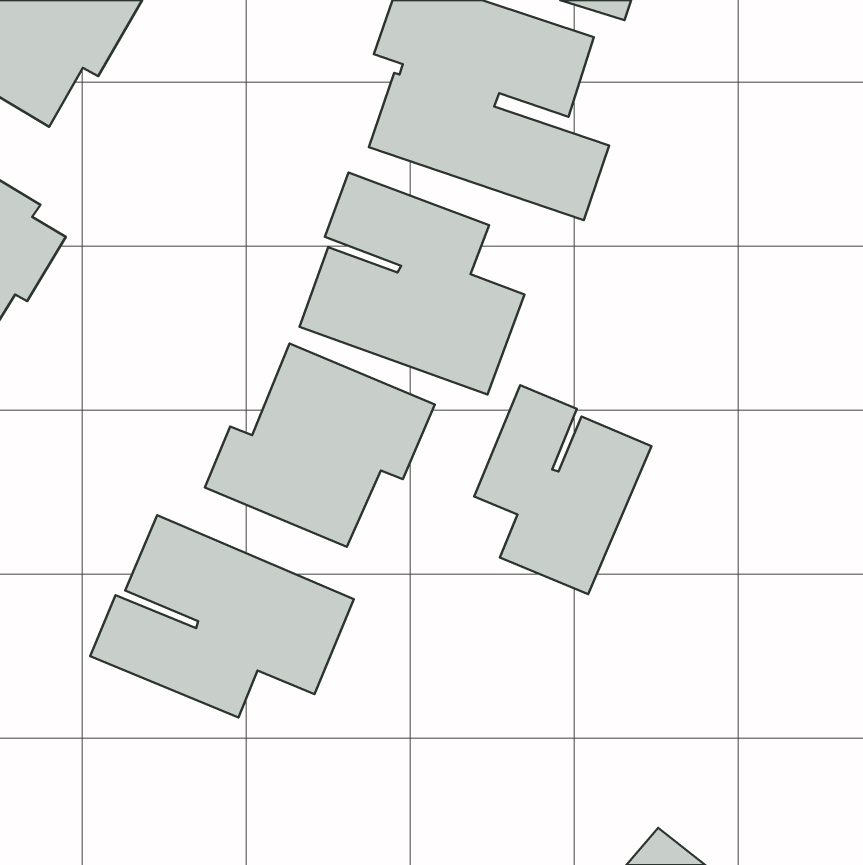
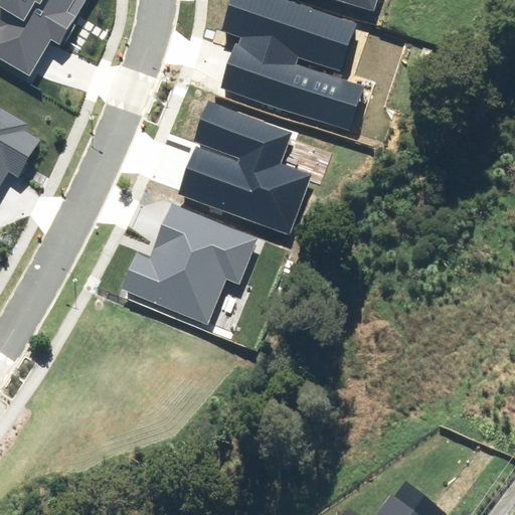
building: [474,385,651,594] -> none
building: [90,515,354,717] -> none

